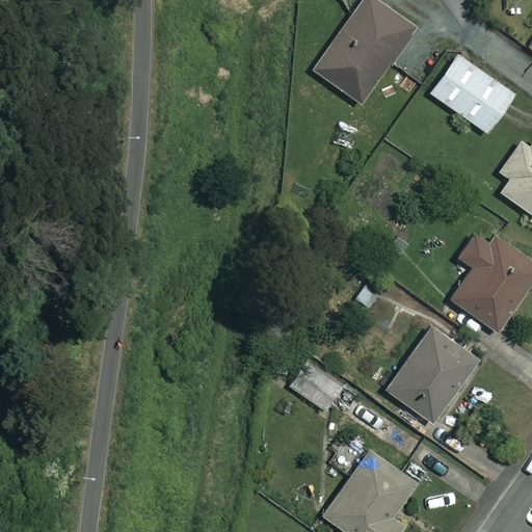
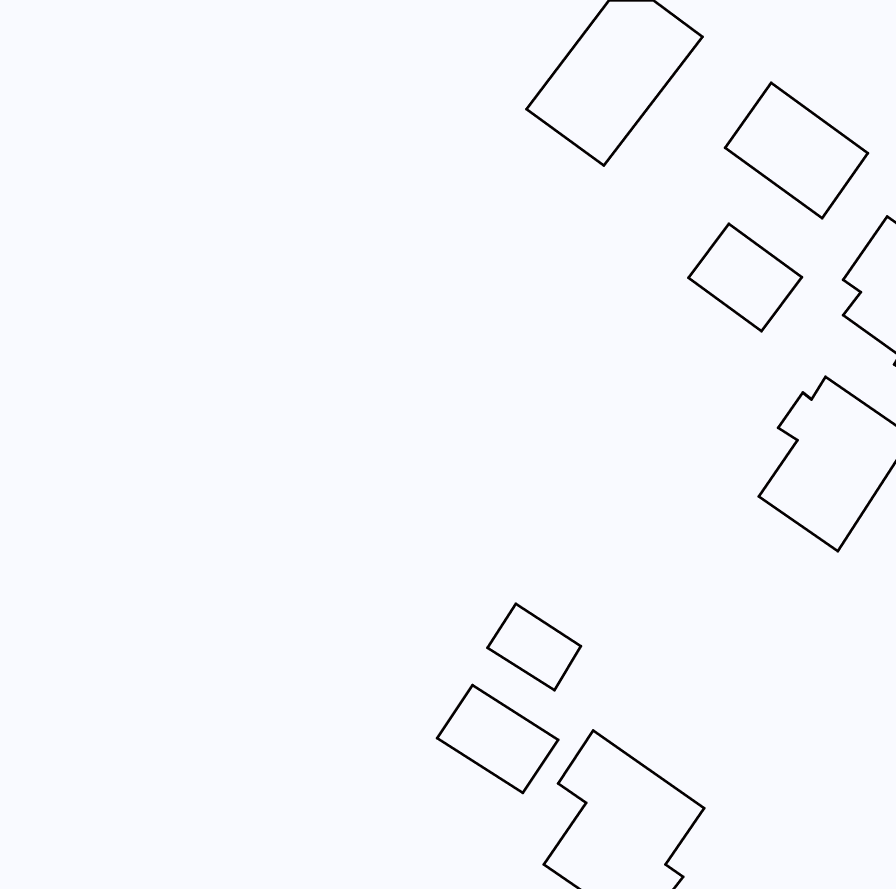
building: none -> [688,224,802,331]
building: [385,325,478,423] -> none
building: none -> [437,685,558,793]

